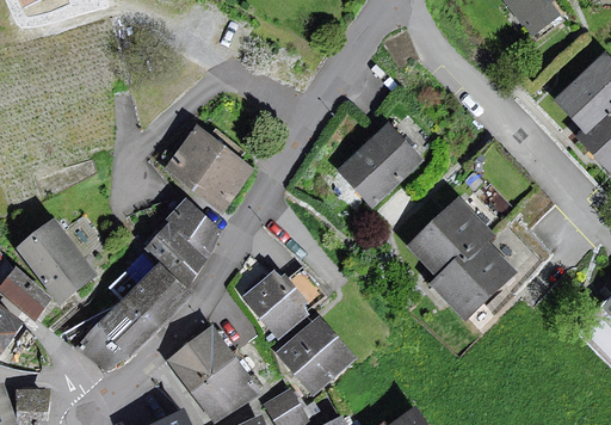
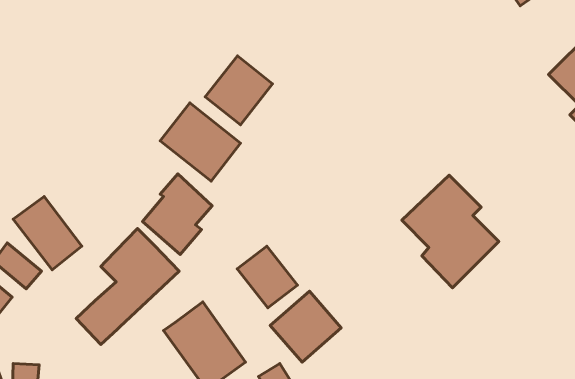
building: none -> [205,56,273,125]
building: [339,125,418,202] -> none

